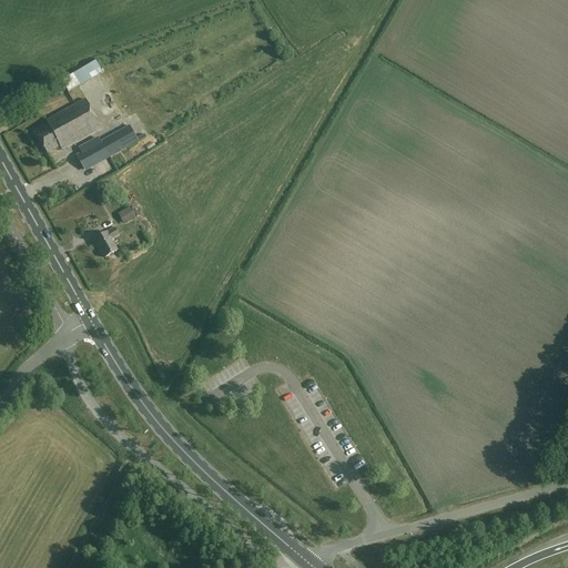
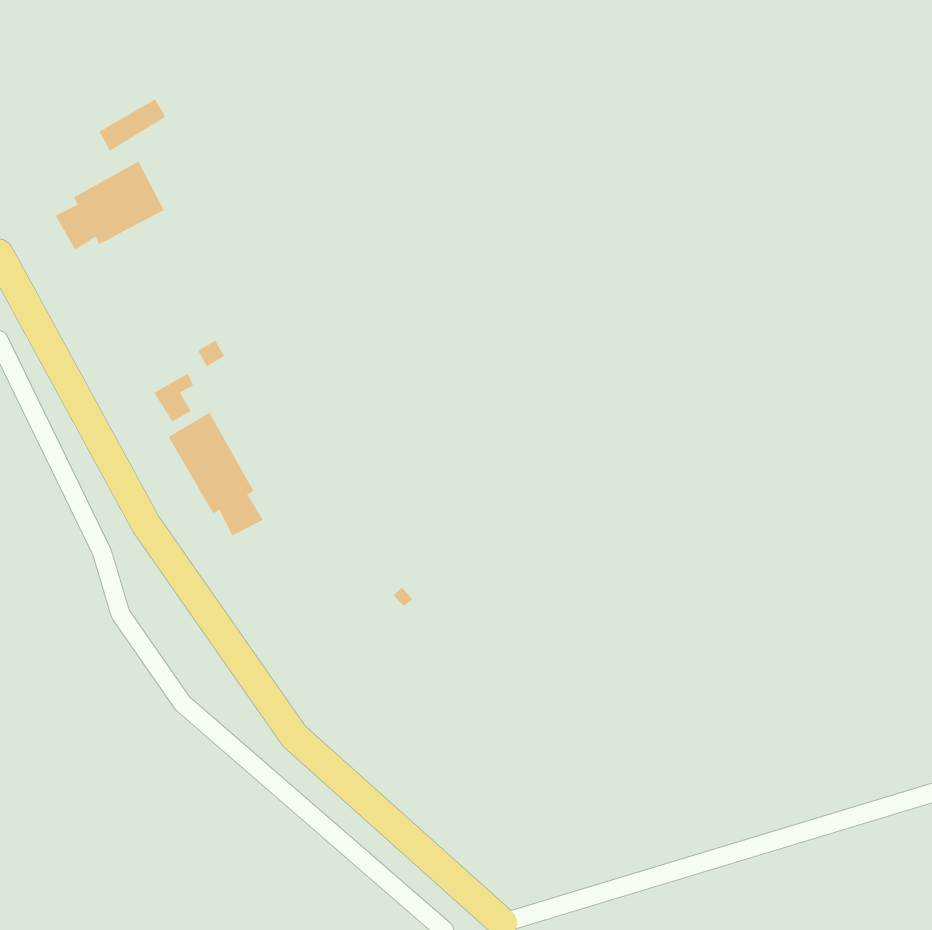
building: [75,124,138,168] -> none
building: none -> [168,412,263,536]

